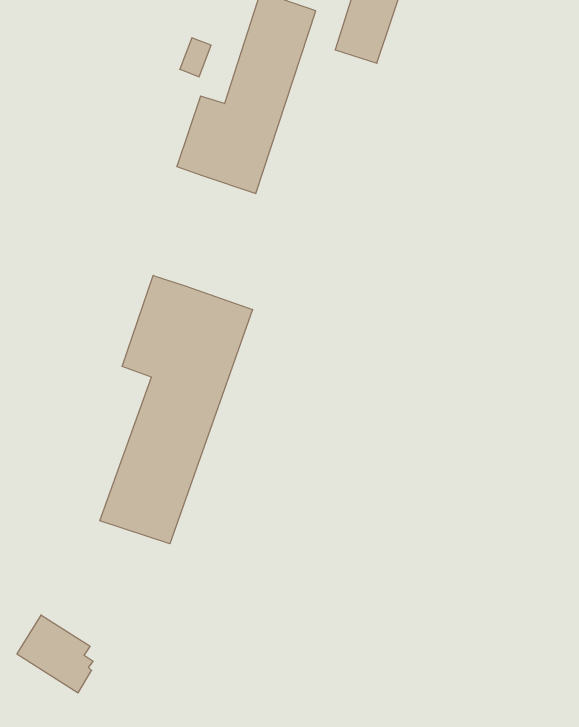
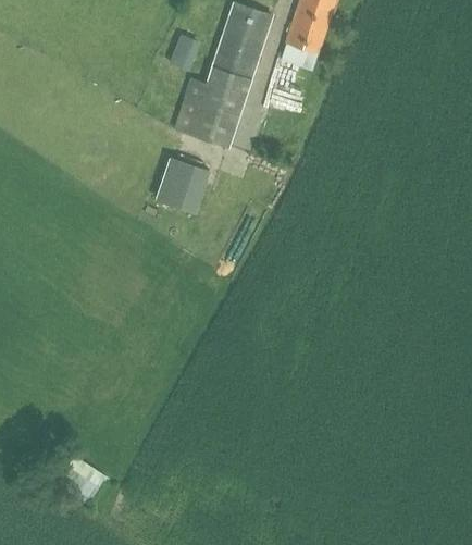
building: none -> [153,156,211,214]
building: [100,275,253,544] -> none

